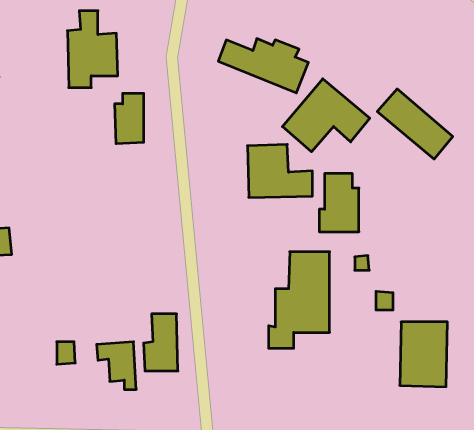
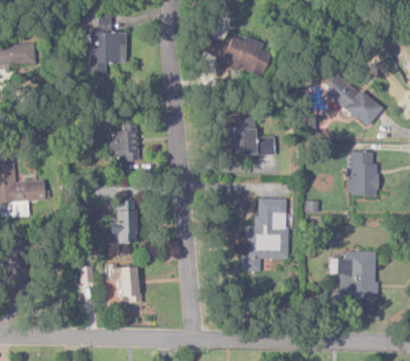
building: [282,79,370,152] -> none
building: [115,93,144,144] -> [115,124,137,162]
building: [319,174,359,232] -> [348,151,378,196]
building: [144,314,178,371] -> [110,201,136,244]

